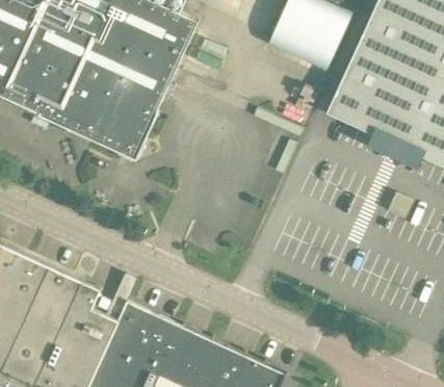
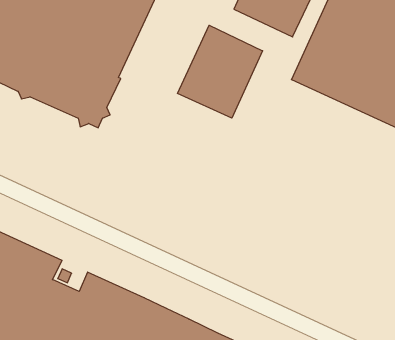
building: none -> [178,25,263,118]

